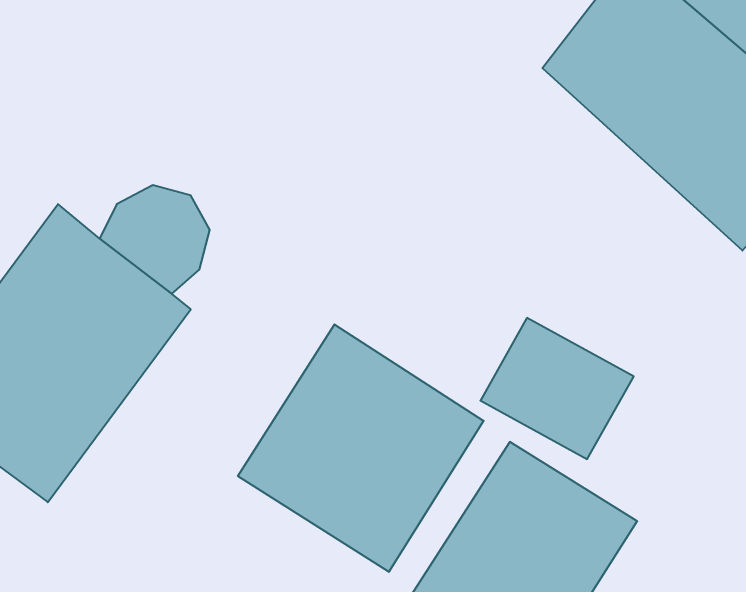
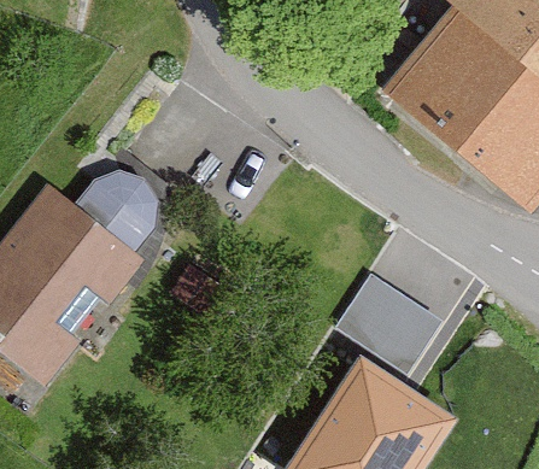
building: [238,324,484,572] -> none

